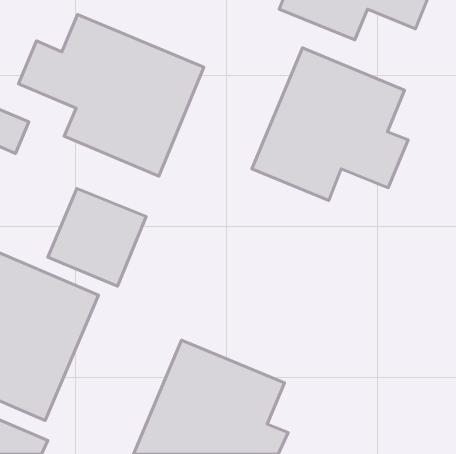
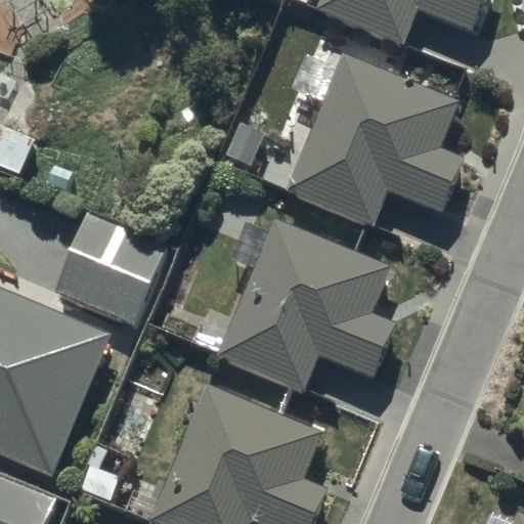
building: [19,14,204,176] -> none
building: none -> [217,220,395,393]

